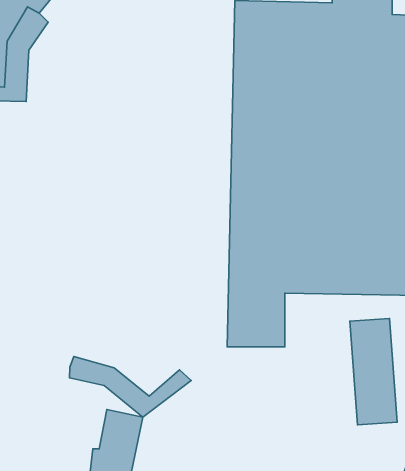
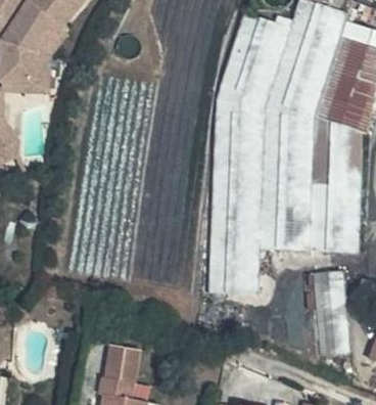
building: [69,357,191,417] -> none

